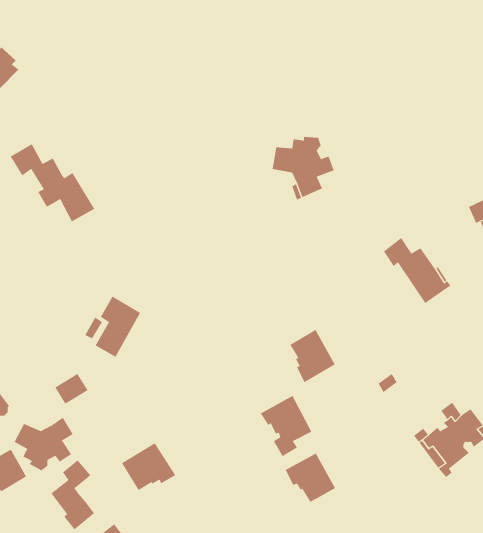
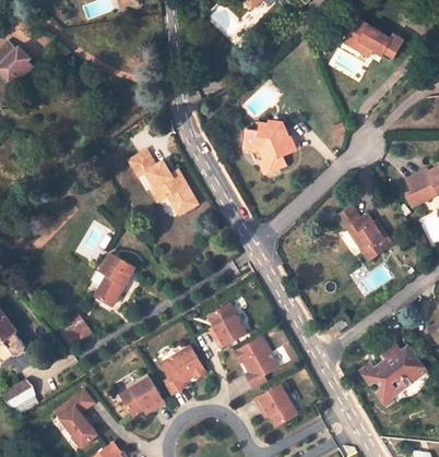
building: none -> [344,19,404,56]
building: [10,144,95,222] -> [127,149,198,215]
building: [290,329,335,383] -> [207,302,246,347]
building: none -> [161,346,205,394]
building: [14,417,73,471] -> none

